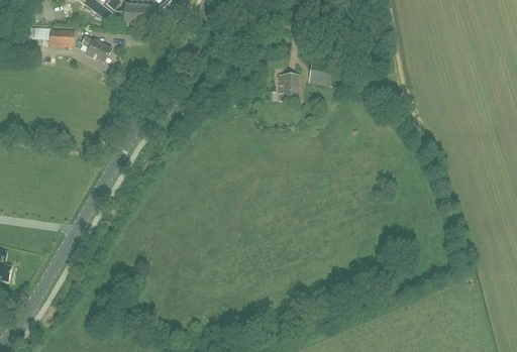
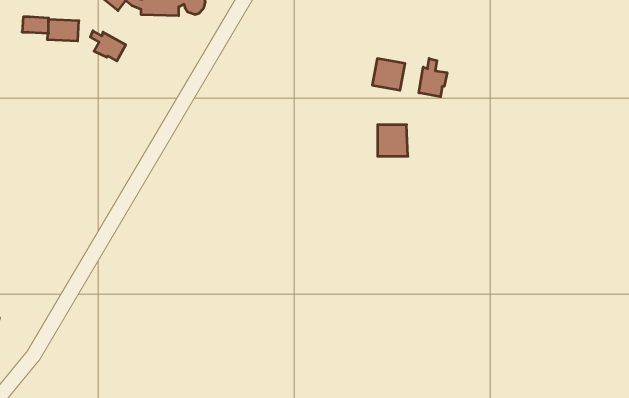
building: none -> [419,58,447,97]
building: [278,73,302,98] -> [378,125,408,156]

